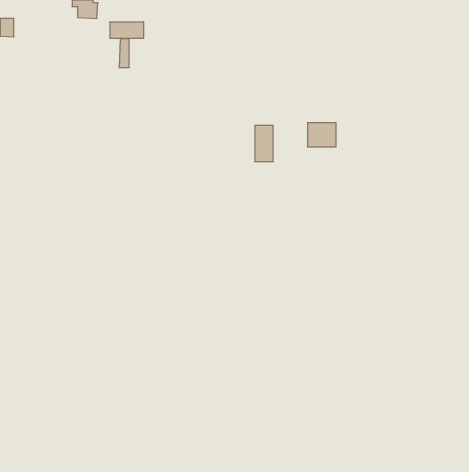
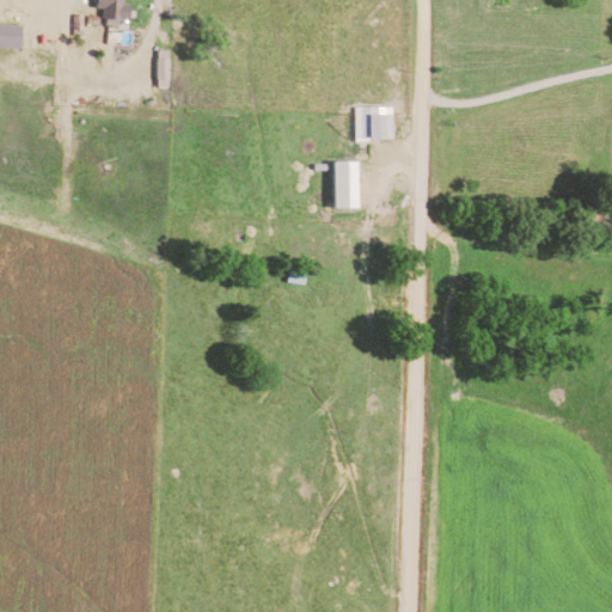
building: [110,22,144,38] -> none
building: [307,123,336,147] -> [356,108,393,139]

